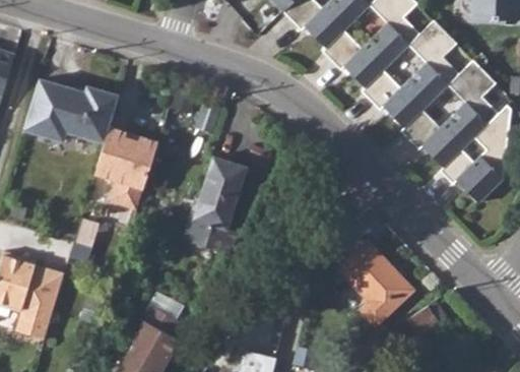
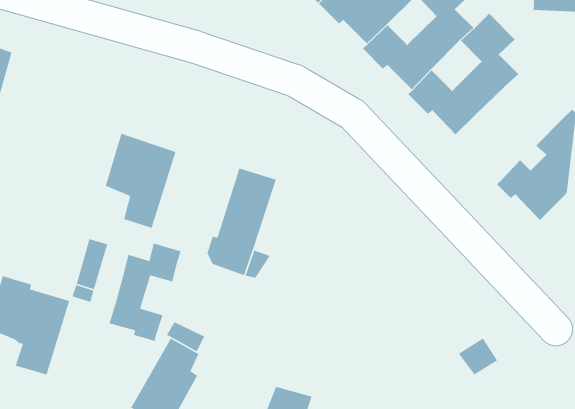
building: [401,60,499,168] -> none
building: [24,78,119,142] -> none
building: none -> [109,242,182,342]
building: [338,241,415,327] -> none

